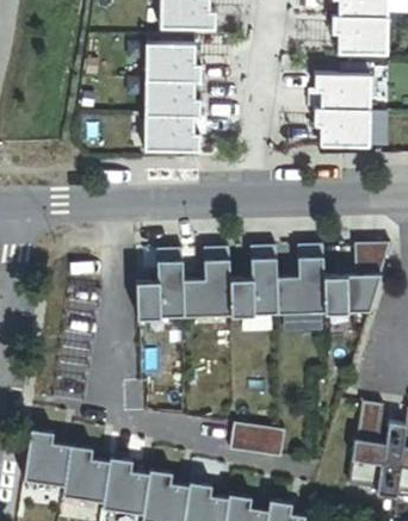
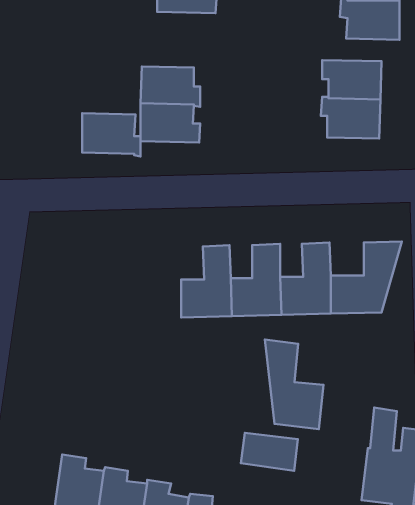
building: [144,44,199,85] -> [82,113,141,156]
building: [134,250,181,318] -> none
building: none -> [265,339,323,429]
building: [23,430,69,488] -> none

